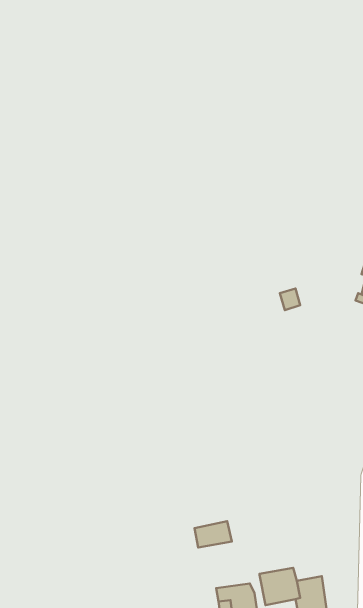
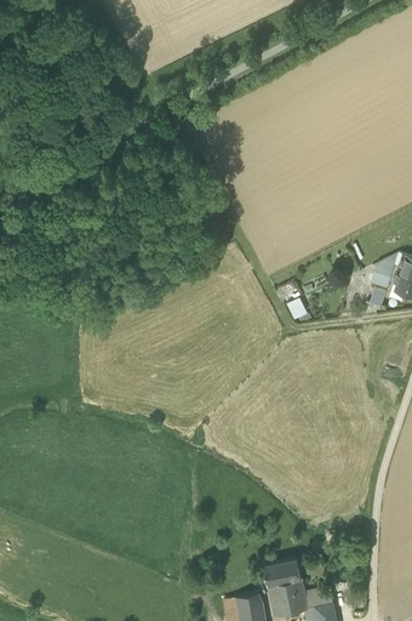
building: [195,521,232,548] -> [264,558,302,585]

